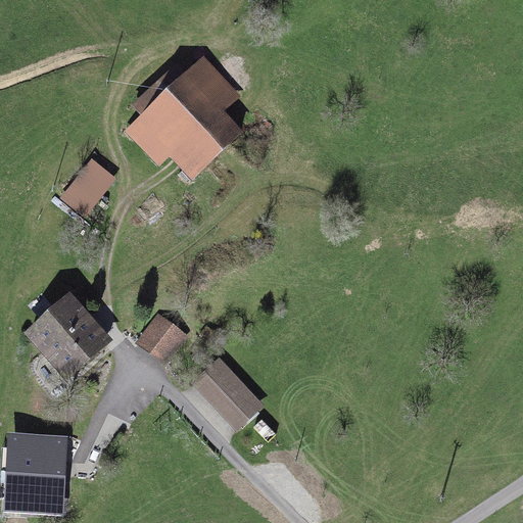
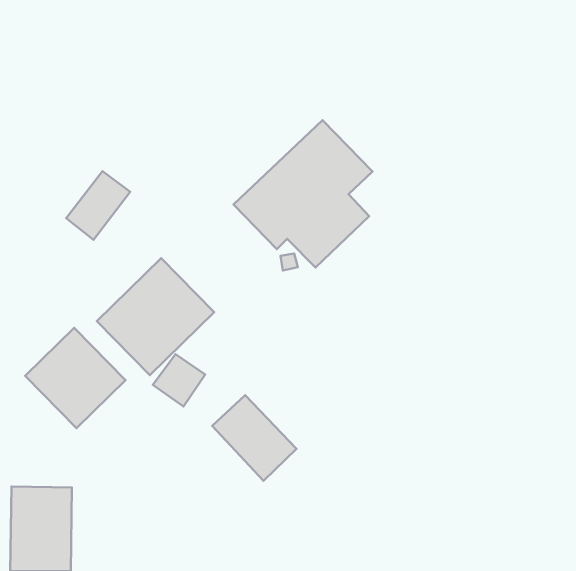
building: [121,48,245,180] -> [233,120,373,267]
building: none -> [97,258,214,375]

